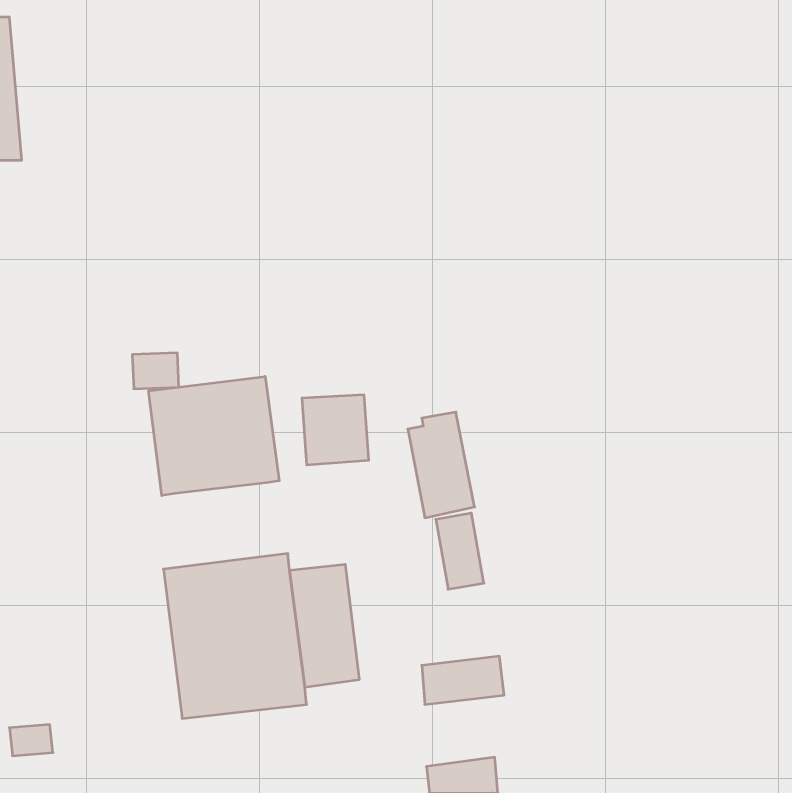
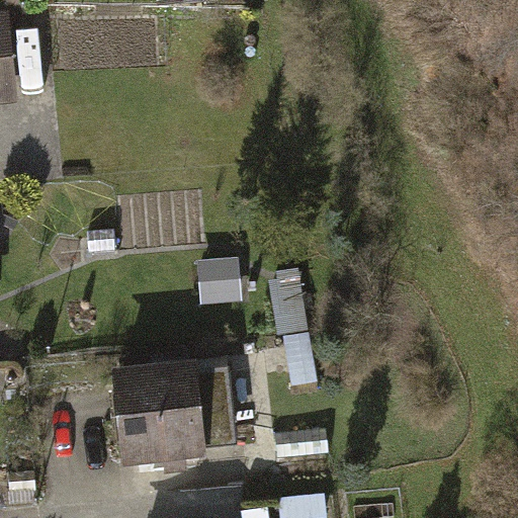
building: [149,376,279,496] -> none

